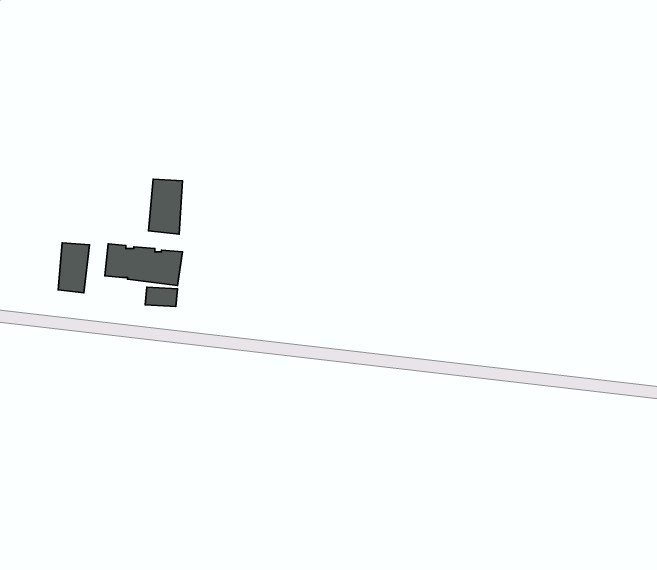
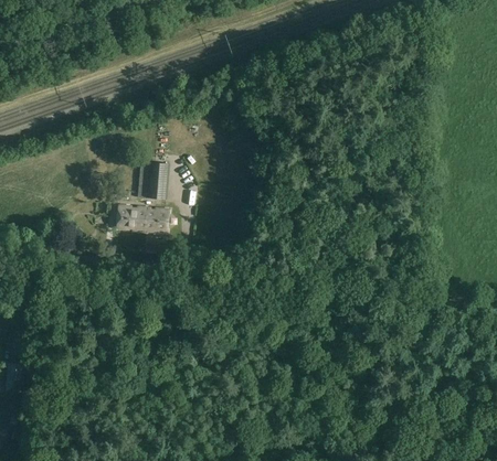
building: [58,243,89,293] -> none

